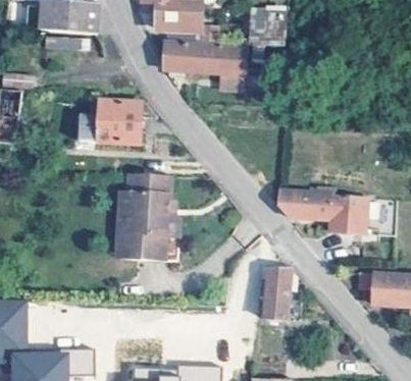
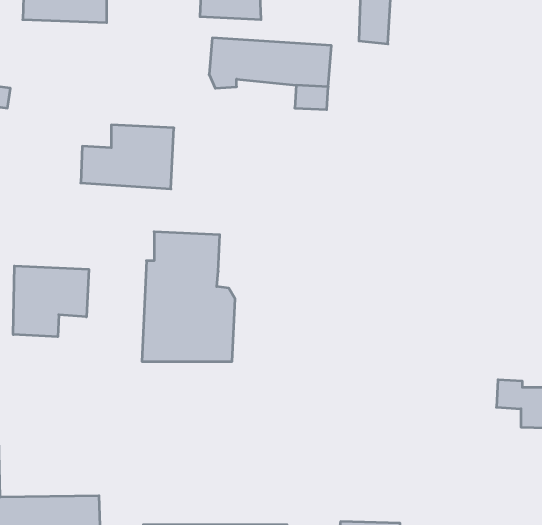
building: [277,191,367,234] -> none
building: none -> [13,266,89,337]
building: [263,267,291,322] -> none

